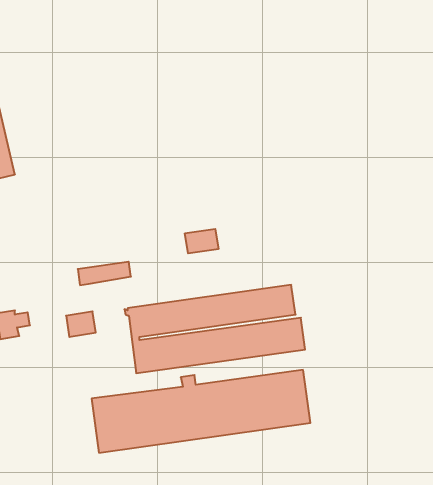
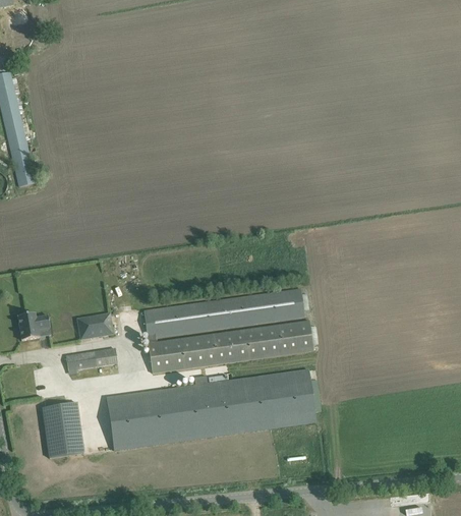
building: [185,229,218,253] -> none
building: [78,262,131,285] -> [65,348,116,370]
building: none -> [42,402,82,458]

